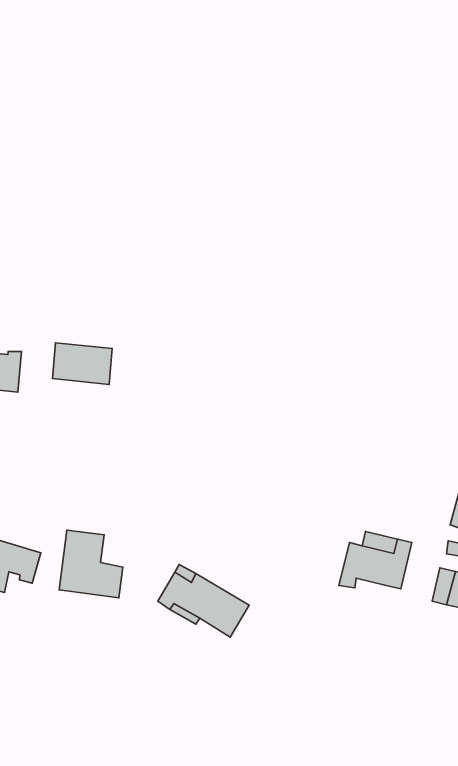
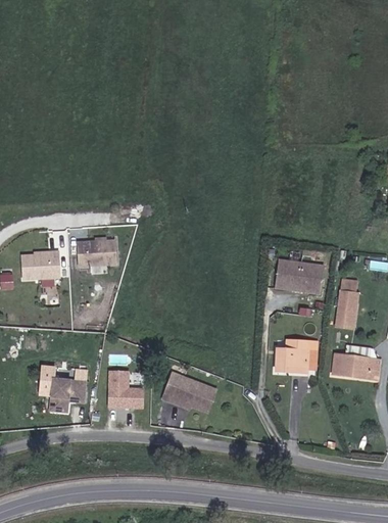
building: none -> [278,266,325,291]

